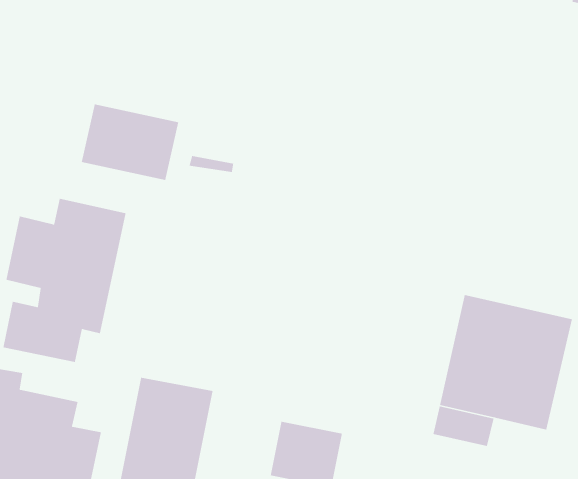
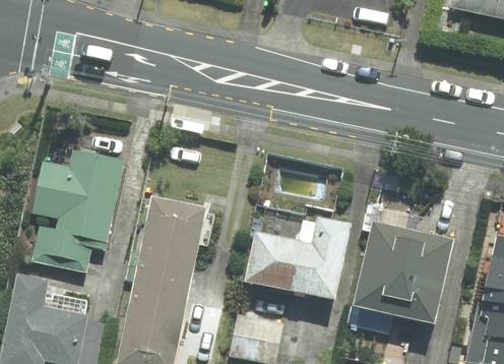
building: [81,103,179,181] -> none
building: none -> [133,197,204,293]
building: none -> [246,218,350,298]

